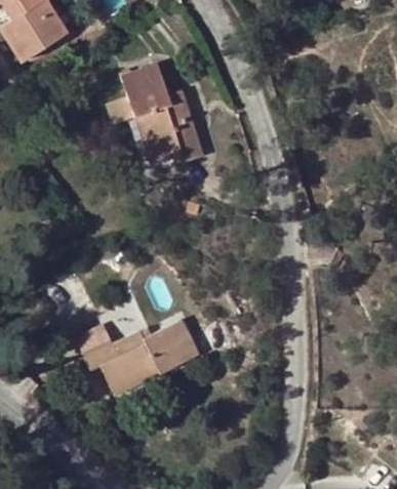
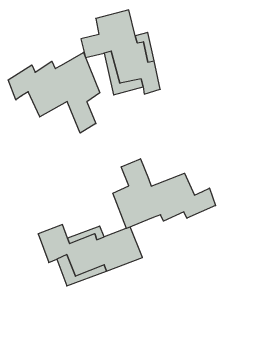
building: none -> [8,52,100,133]
building: none -> [113,159,216,228]

